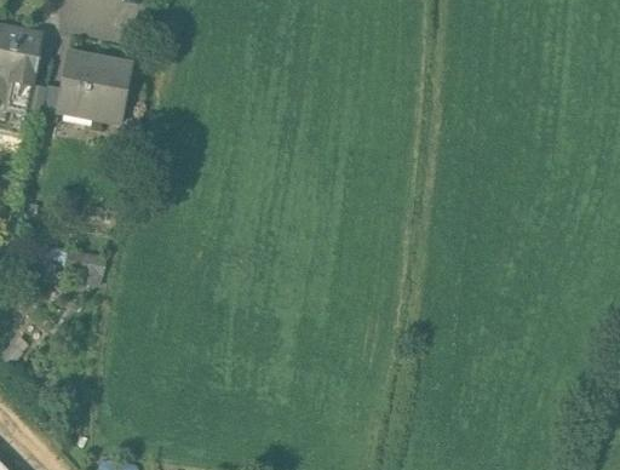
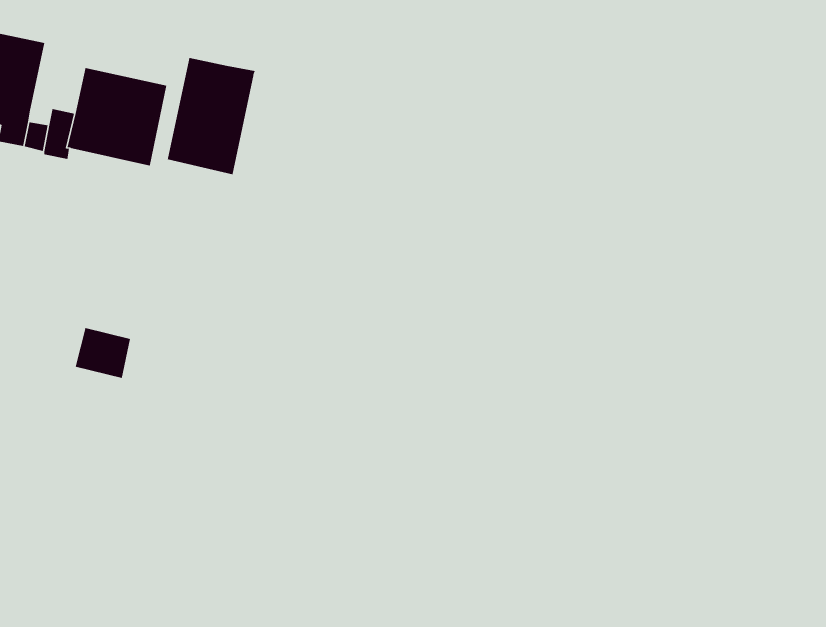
building: none -> [167,57,256,175]

